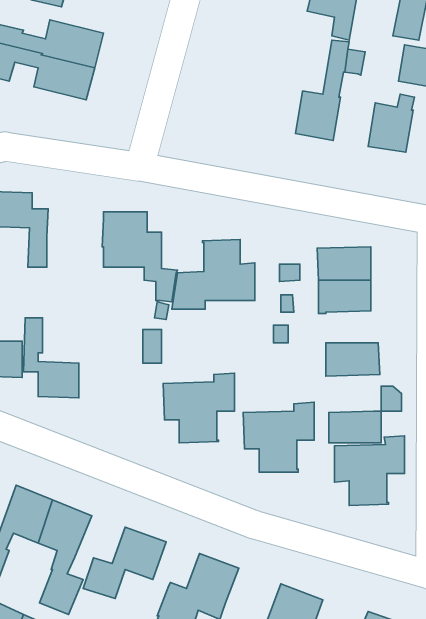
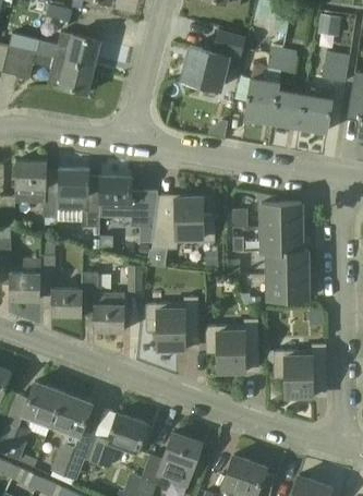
building: none -> [183,31,244,88]
building: none -> [273,90,304,128]
building: none -> [58,169,100,228]
building: none -> [82,271,124,331]
building: [329,411,381,443] -> [267,251,306,275]

